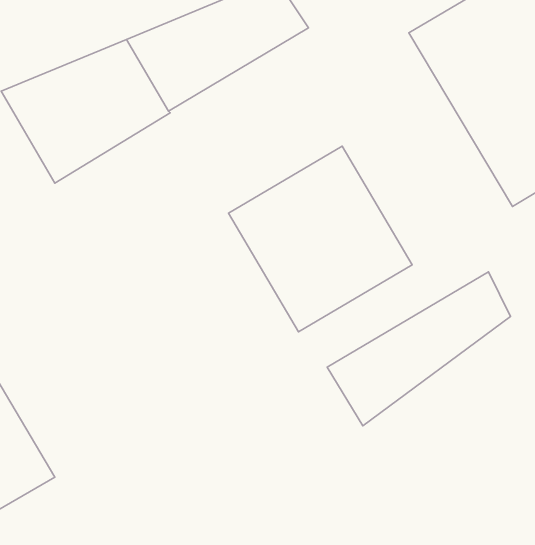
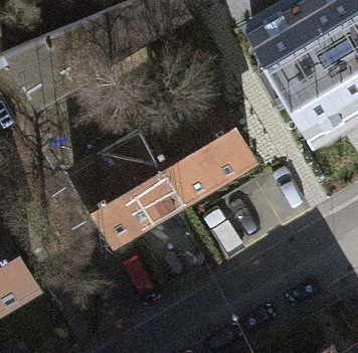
building: none -> [69,137,180,248]
building: [327,272,511,426] -> none

